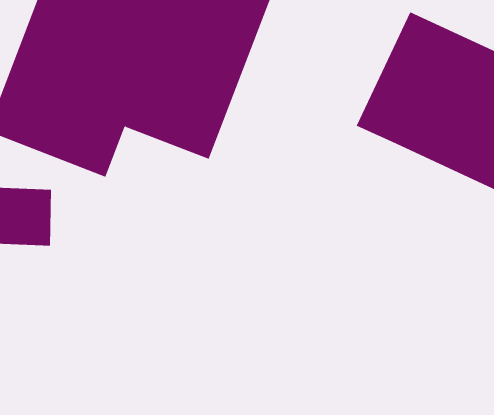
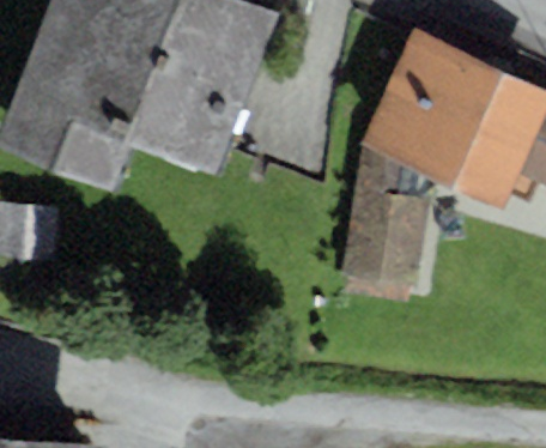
building: none -> [342,144,427,301]

